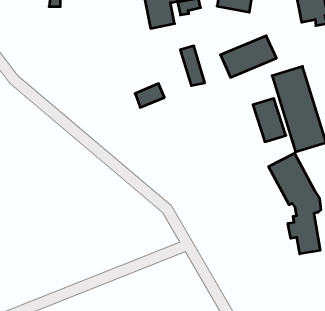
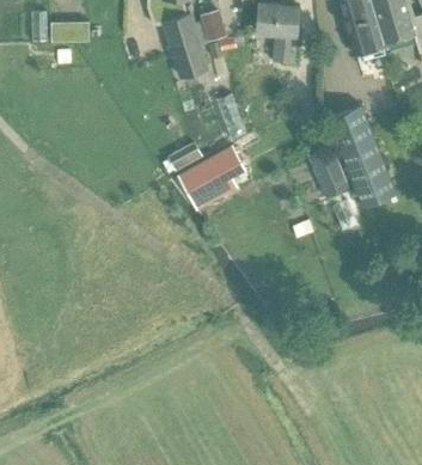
building: [220,36,276,77] -> [179,147,245,200]
building: [269,153,321,254] -> none

